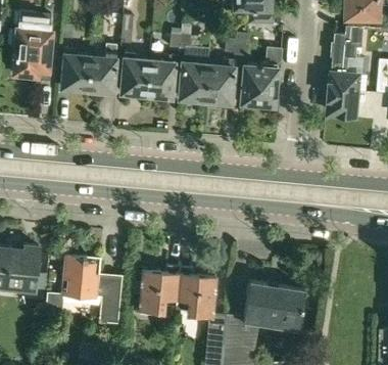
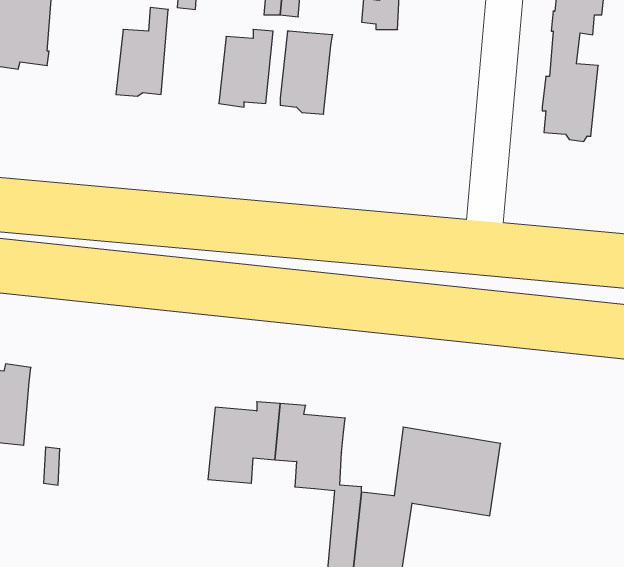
building: [60,48,90,92] -> none
building: [240,48,281,107] -> none
building: [119,51,148,97] -> none
building: [203,59,234,104] -> none
building: [61,249,120,323] -> none

